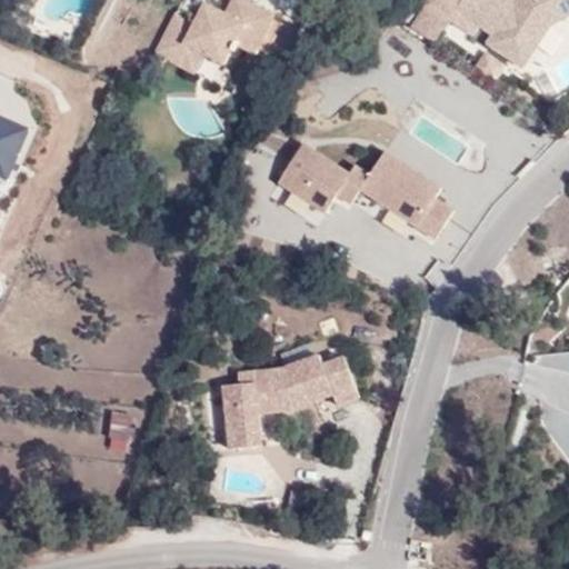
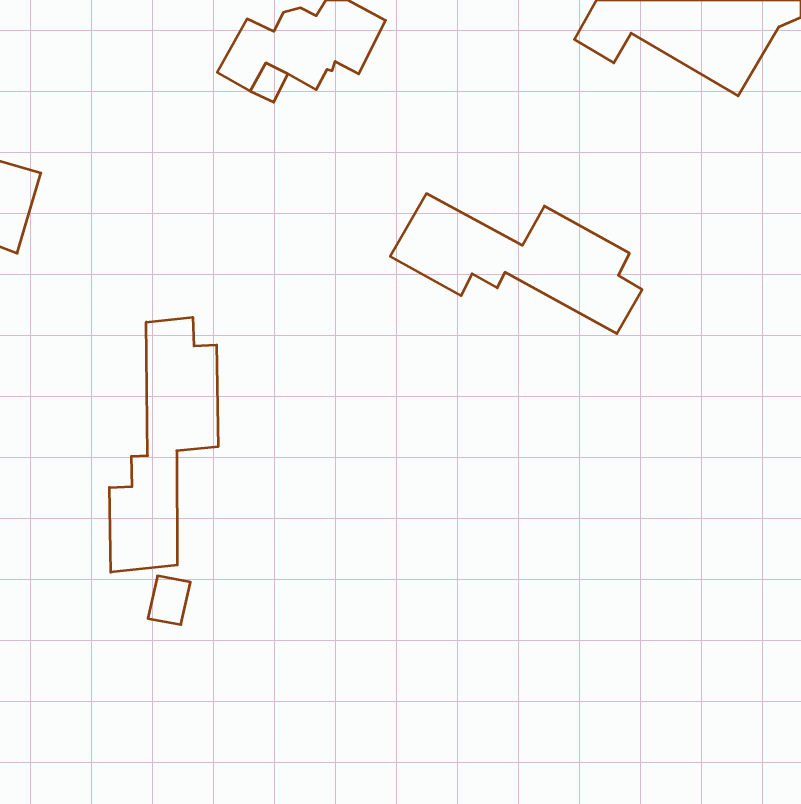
building: none -> [109,317,218,572]
building: [222,356,358,450] -> none

